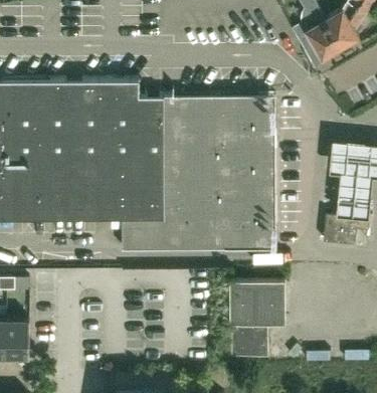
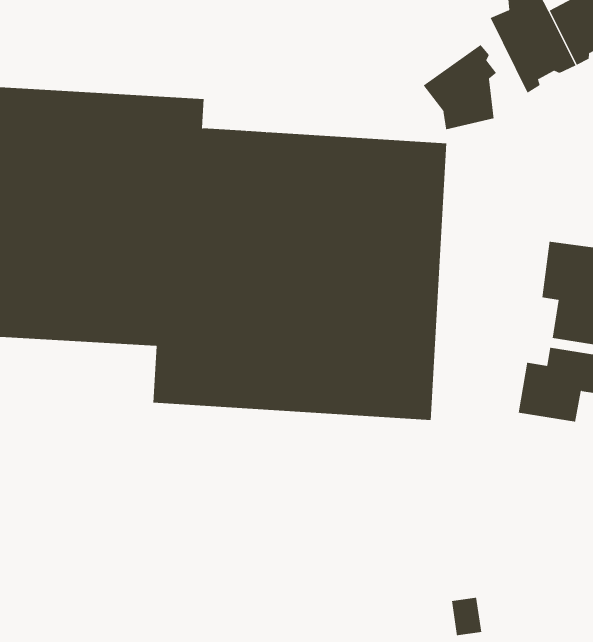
building: none -> [423,44,497,130]
building: [229,280,286,357] -> none

